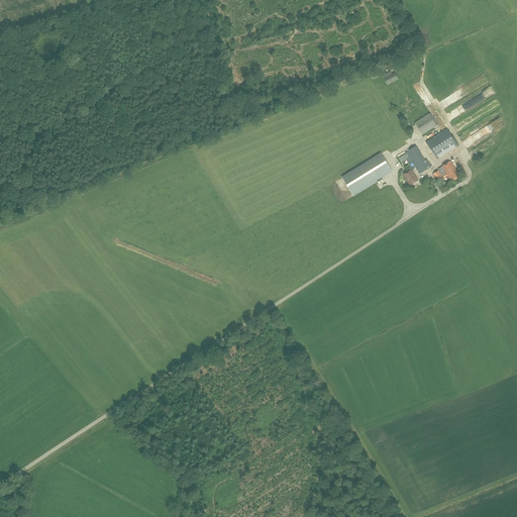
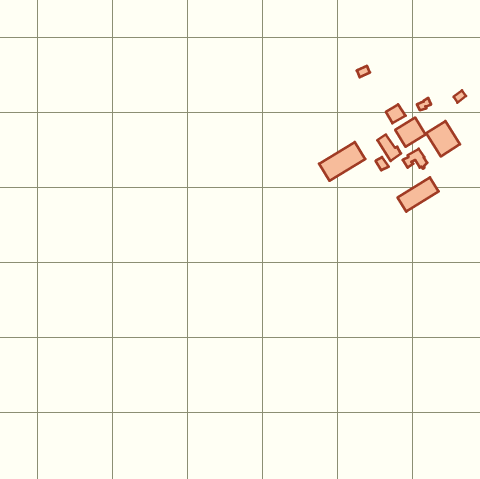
building: none -> [426,121,460,156]
building: none -> [398,177,439,212]

